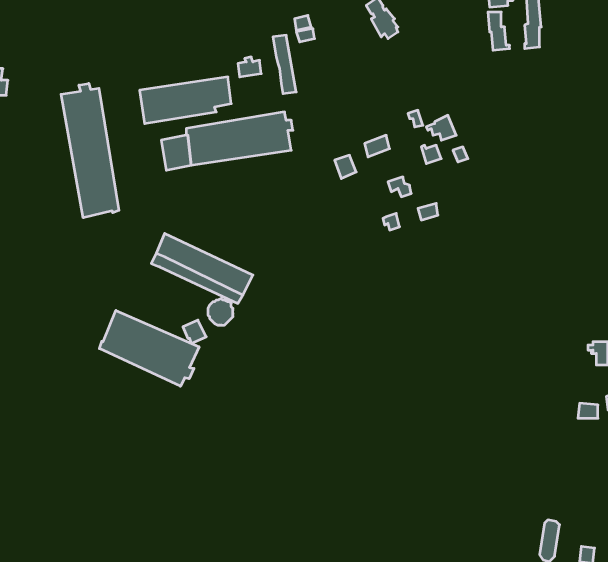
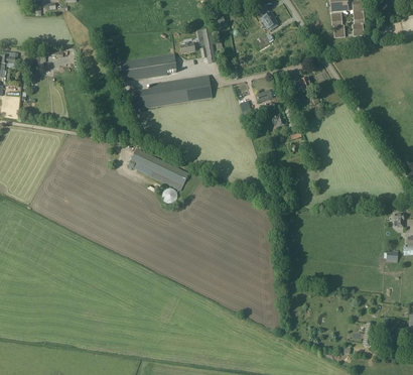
building: [61,83,119,218] -> none
building: [99,310,199,386] -> none

